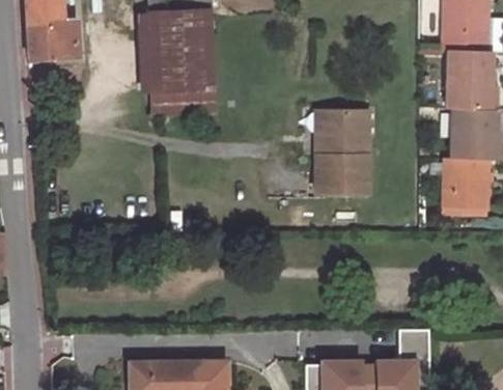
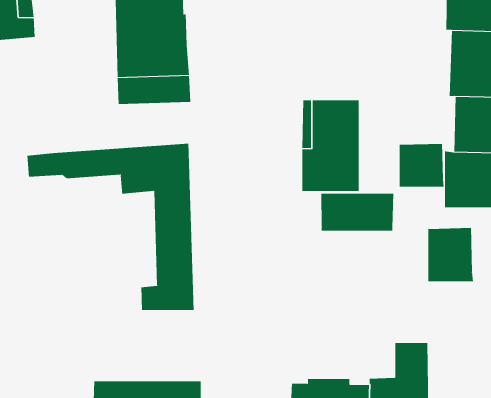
building: none -> [27,143,194,311]
building: none -> [399,143,444,187]
building: none -> [321,193,394,231]
building: none -> [428,227,473,282]

